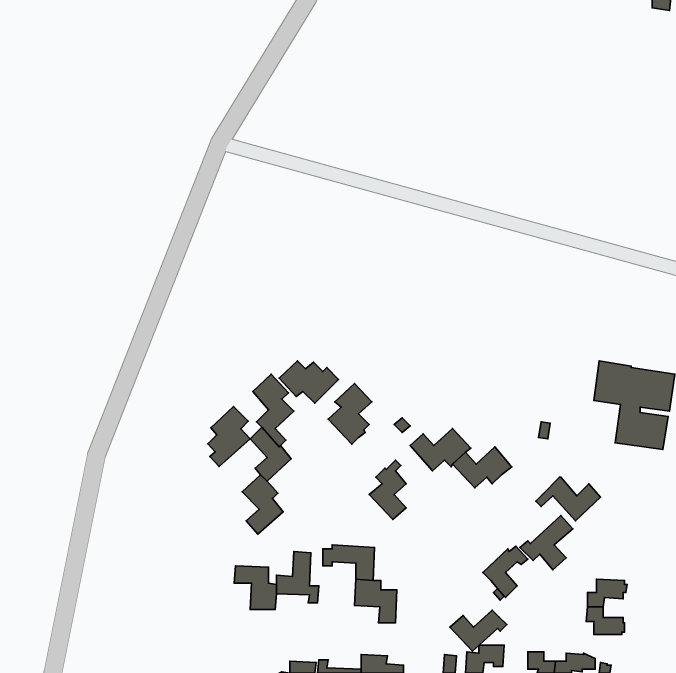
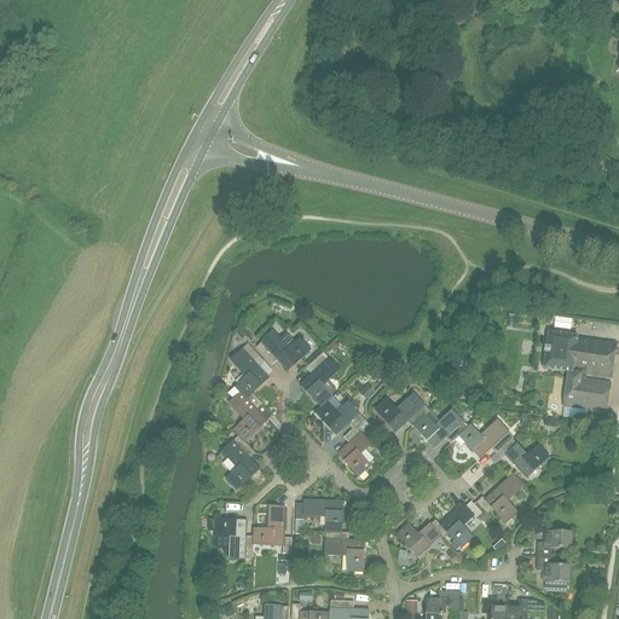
building: [208,407,250,467] -> none
building: none -> [316,400,365,434]
building: none -> [458,418,513,457]
building: [450,610,507,651] -> [397,517,449,555]

